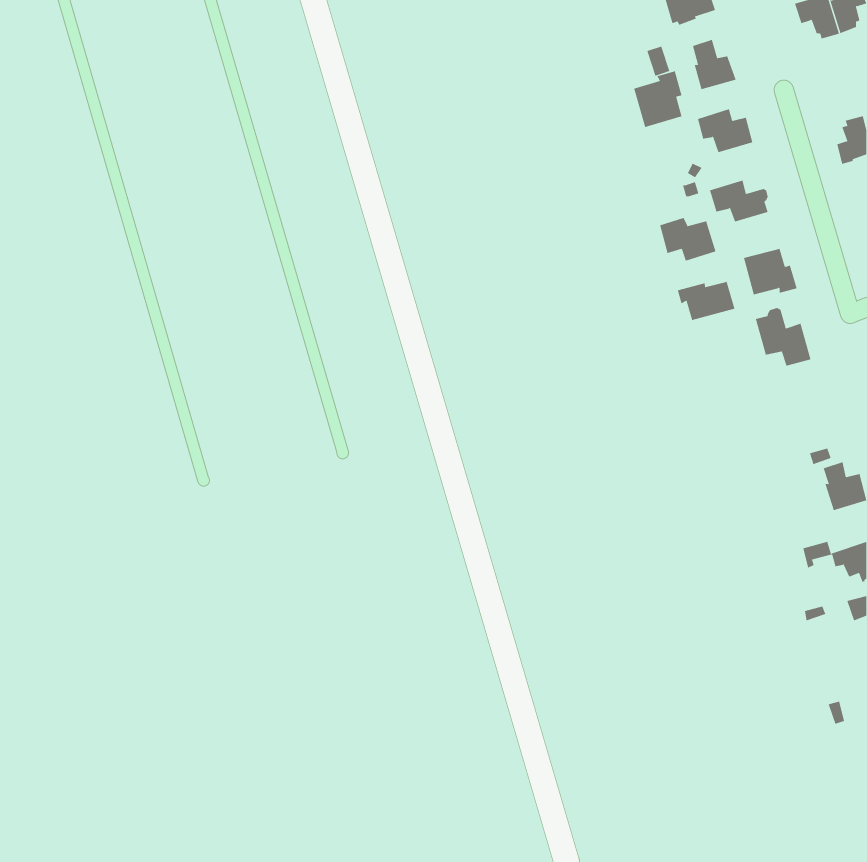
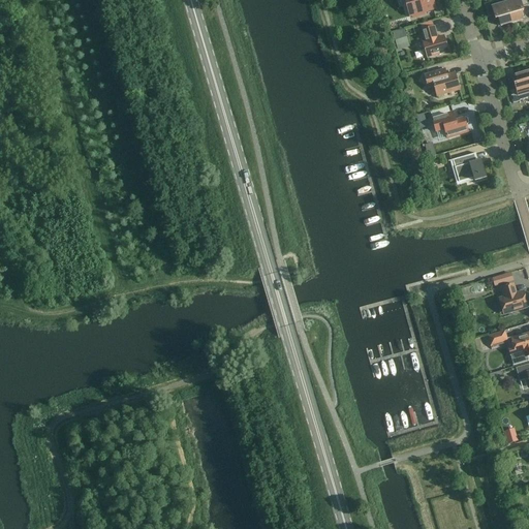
building: [633,70,684,128] -> none
building: [660,217,716,261] -> none
building: [677,280,735,321] -> none
building: [755,307,811,367] -> none

